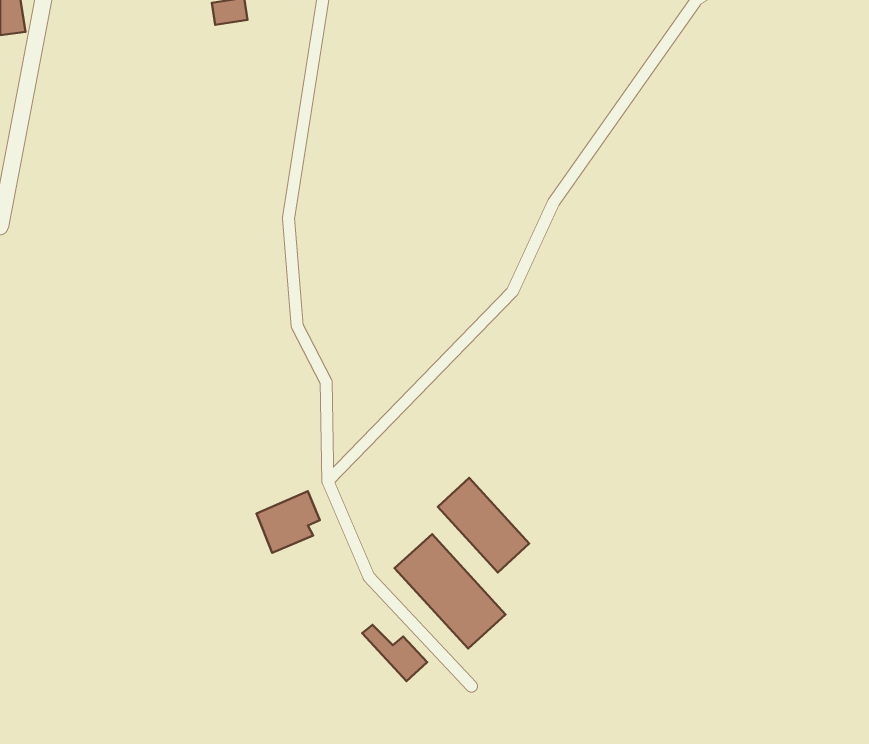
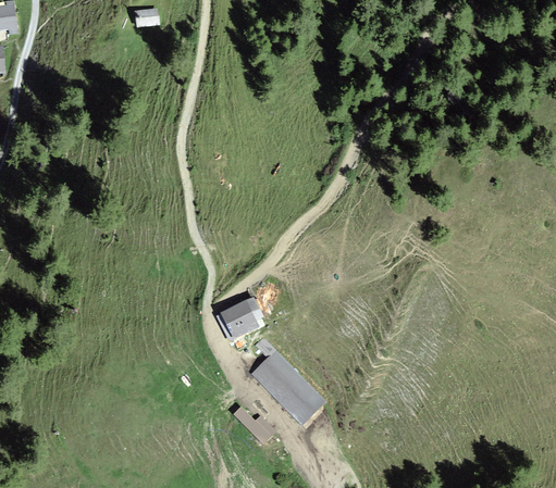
building: [438,478,529,572] -> none
building: [257,491,320,553] -> [220,298,260,337]

